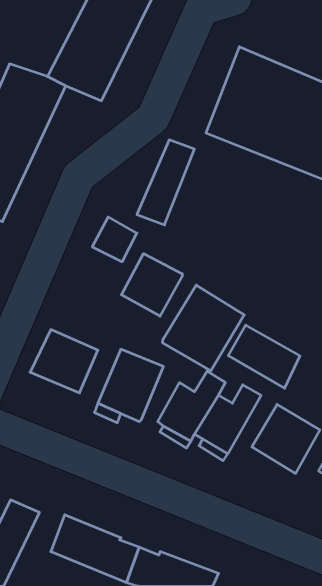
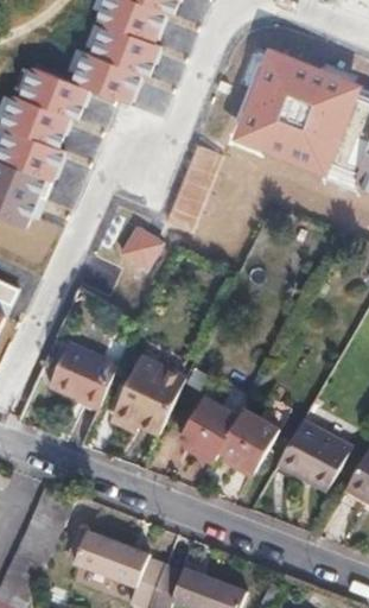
building: [121,254,182,316] -> none
building: [163,285,244,371] -> none
building: [228,325,300,388] -> none

